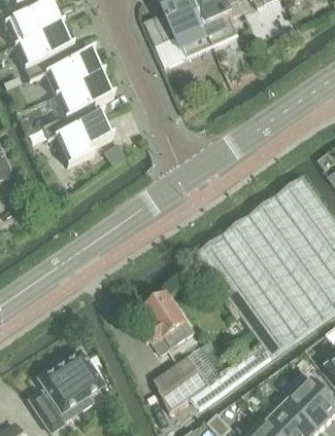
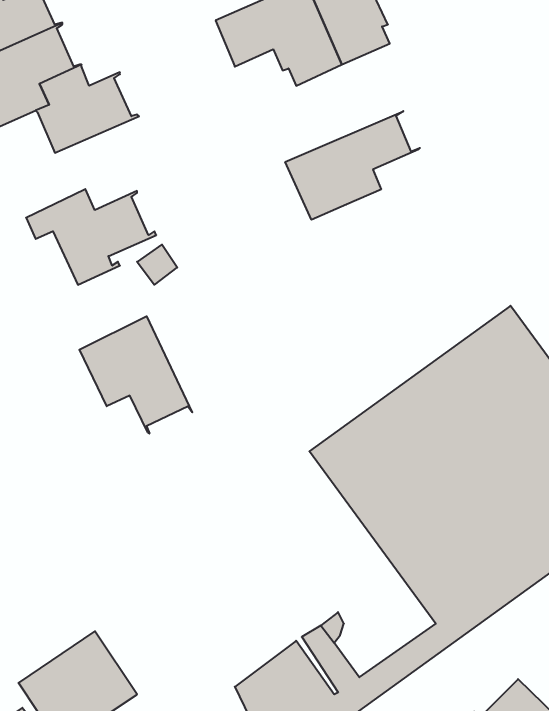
building: none -> [285,111,420,220]
building: [58,73,113,123] -> none
building: none -> [79,316,192,434]
building: [143,291,194,354] -> none

